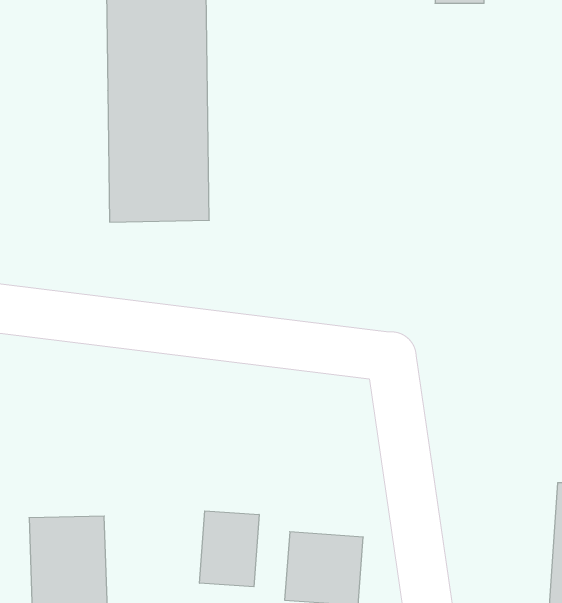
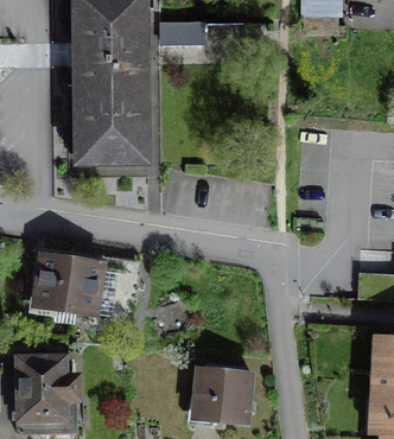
building: none -> [36,254,104,313]
building: [200,511,259,587] -> none

